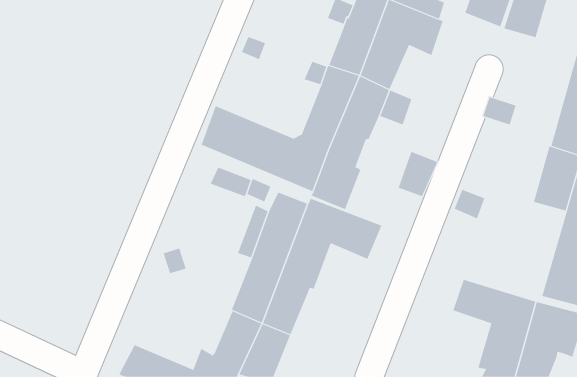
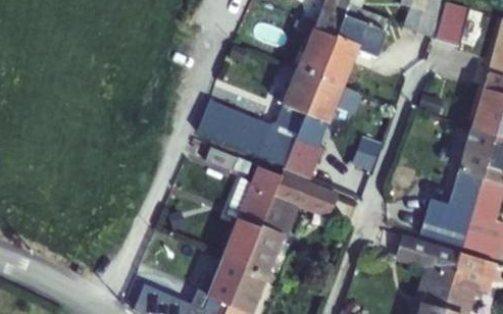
building: none -> [419,175,483,249]

